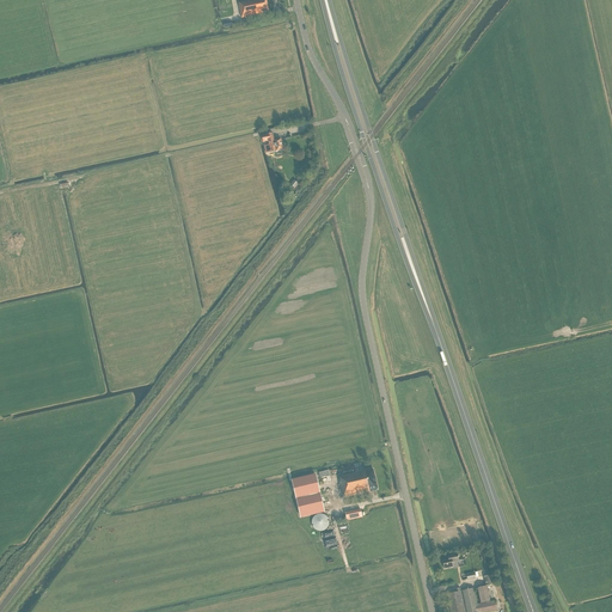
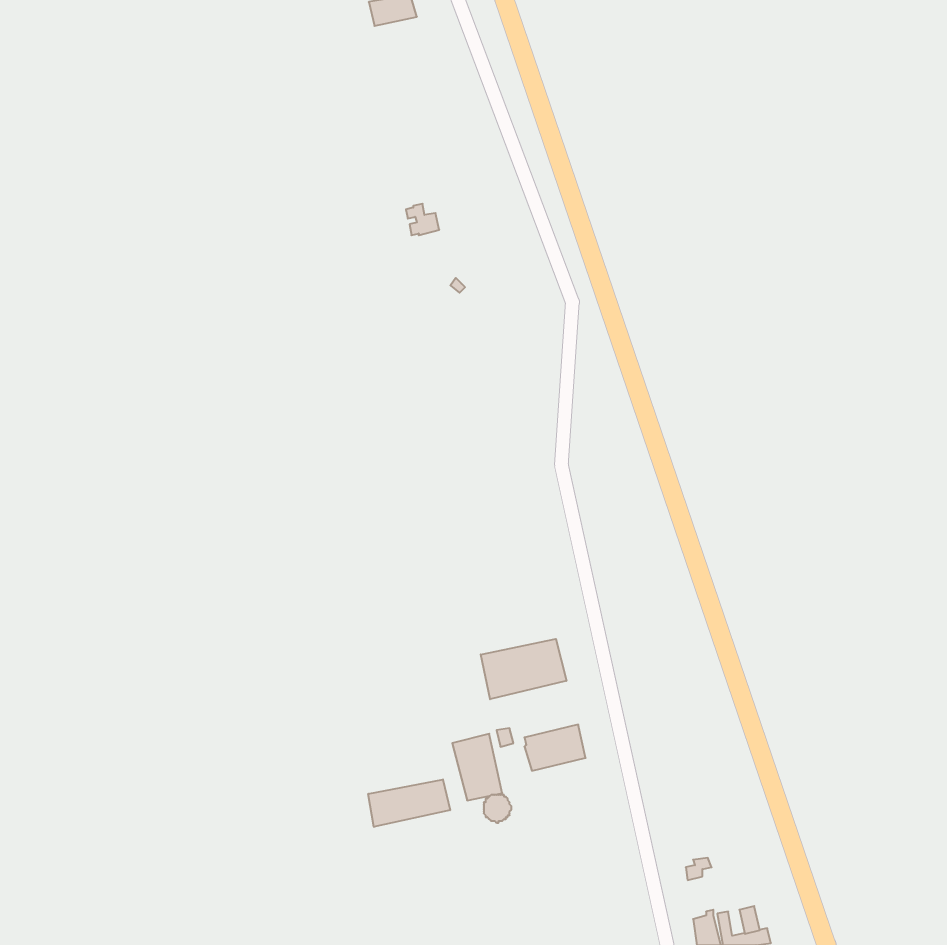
building: none -> [481,639,566,699]
building: none -> [368,779,450,827]

